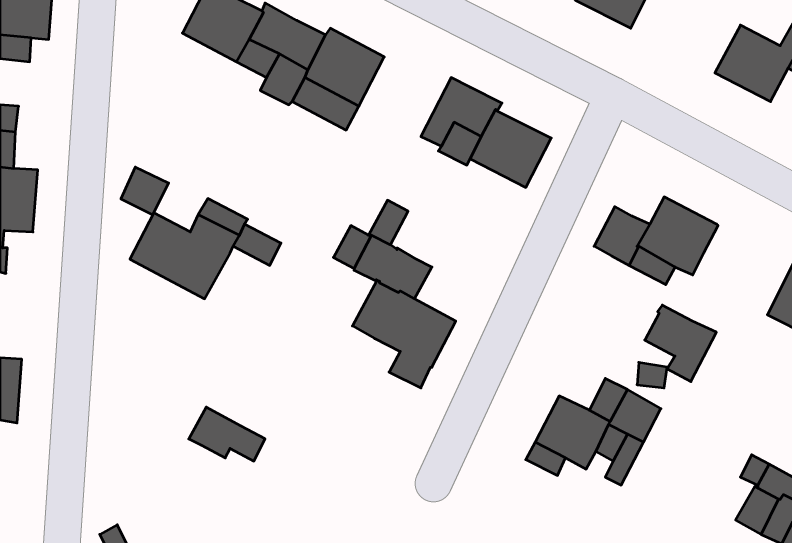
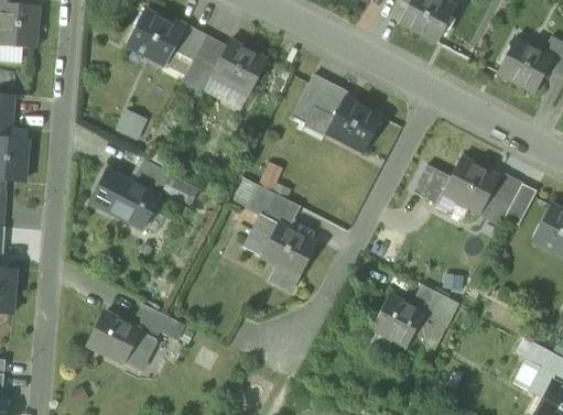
building: [121,167,169,215] -> [113,108,147,141]
building: [645,305,716,382] -> [488,172,538,225]
building: none -> [87,312,156,371]

